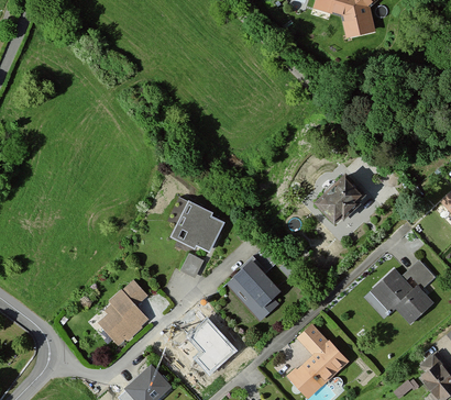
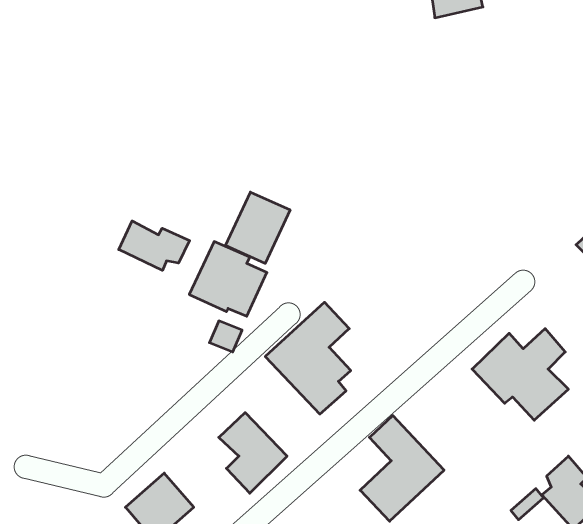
building: none -> [226,192,290,263]
building: [312,170,366,224] -> none
building: none -> [119,221,190,270]
building: [97,278,151,347] -> none

